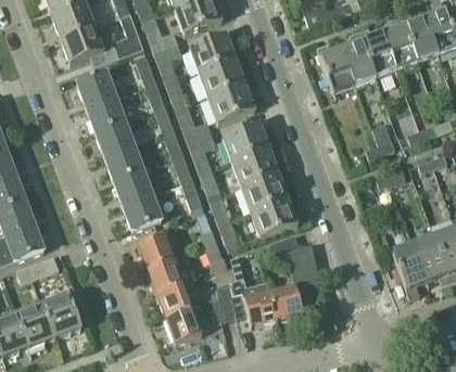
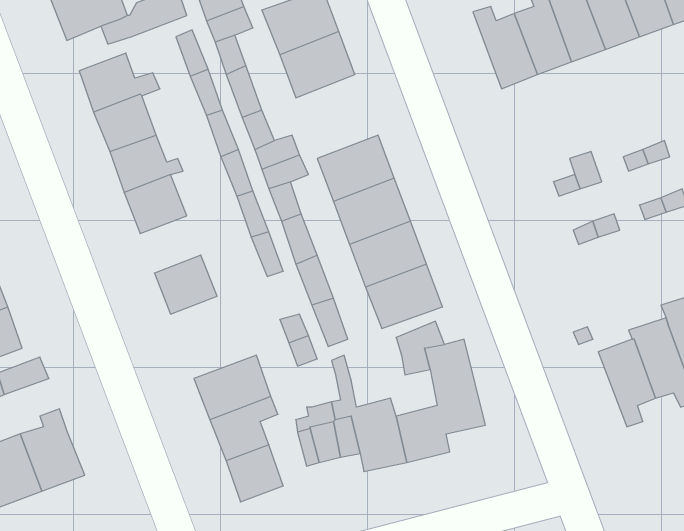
building: [208,84,254,124] -> none
building: [114,169,151,204] -> none
building: [137,226,176,268] -> none

